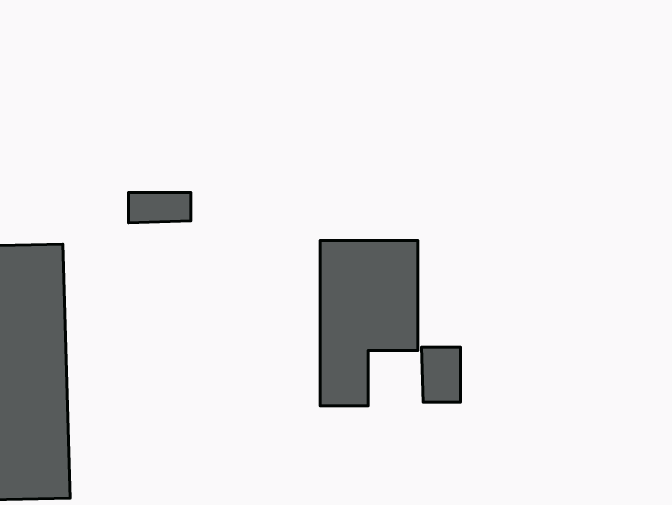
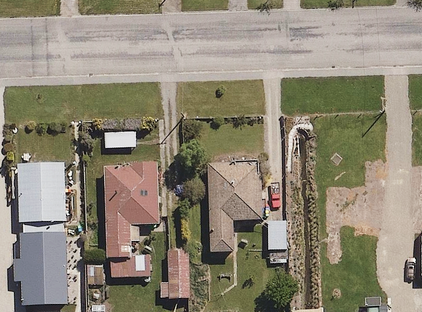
building: none -> [103,163,160,275]
building: none -> [157,248,189,299]

